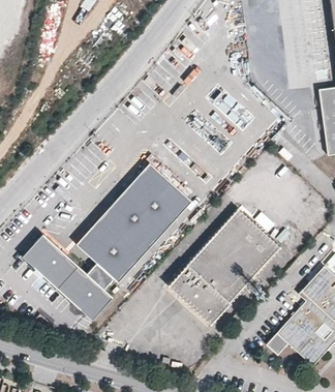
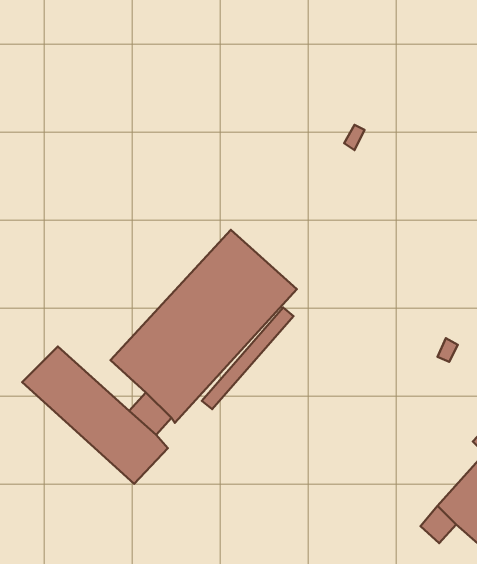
building: [166,209,281,325] -> none

